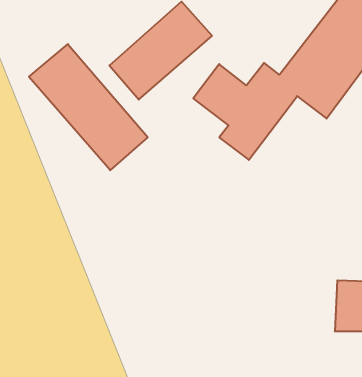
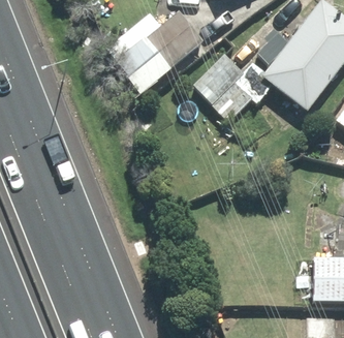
building: [29,44,148,170] -> none

